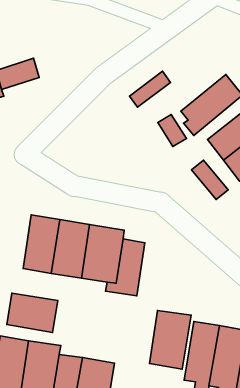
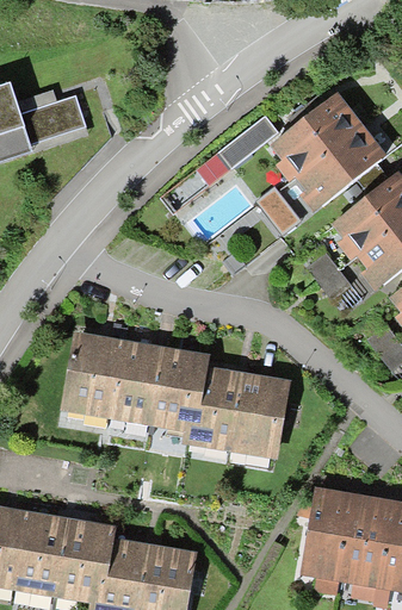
building: none -> [270,93,361,181]
building: [7,293,58,333] -> none
building: [149,310,191,369] -> [229,373,291,460]

